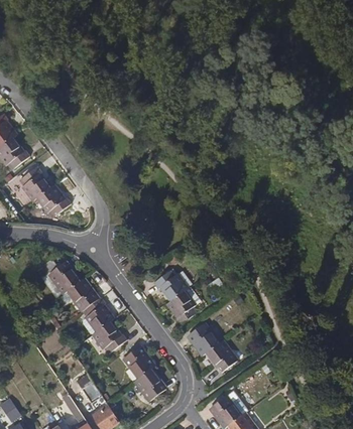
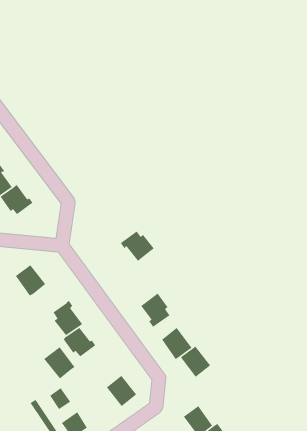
building: [156,269,190,299] -> [120,230,154,262]
building: [67,279,98,311] -> none
building: [124,345,155,378] -> [43,346,75,380]

